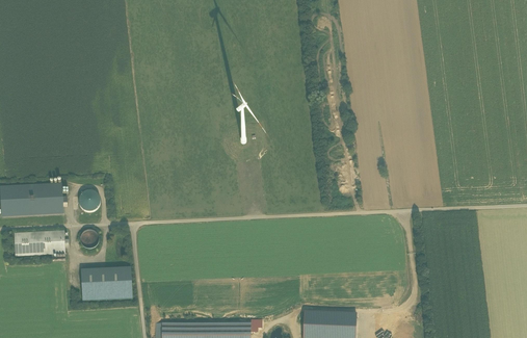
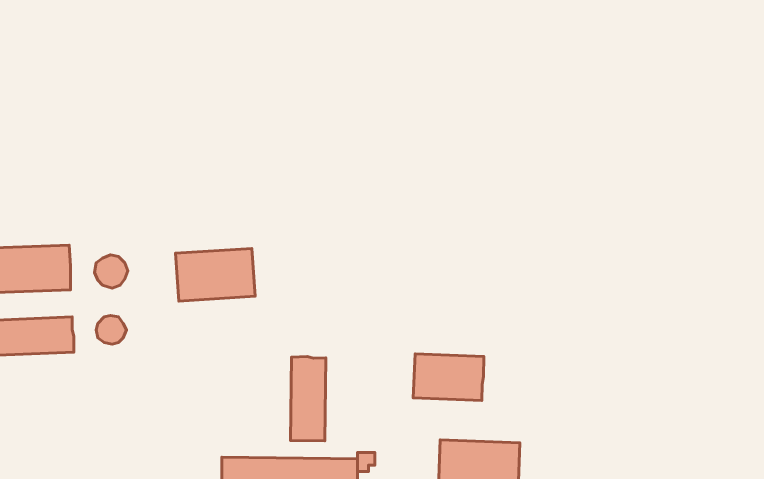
building: none -> [413,354,484,401]
building: none -> [291,357,326,441]
building: [80,266,132,301] -> [176,249,255,301]

